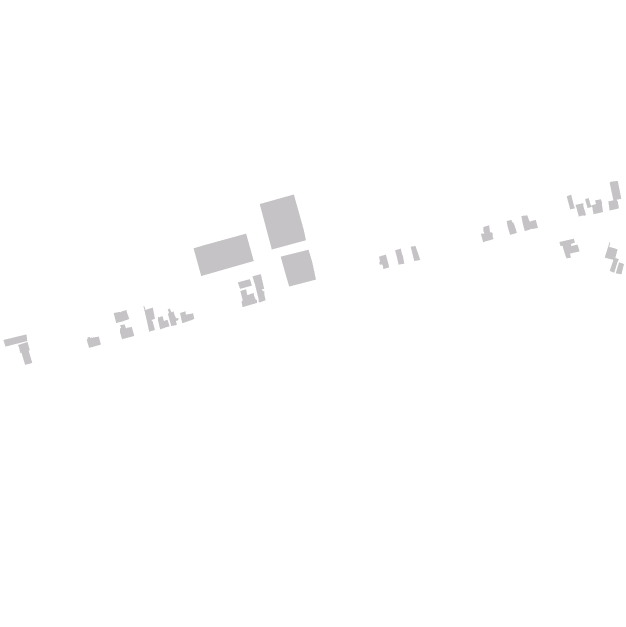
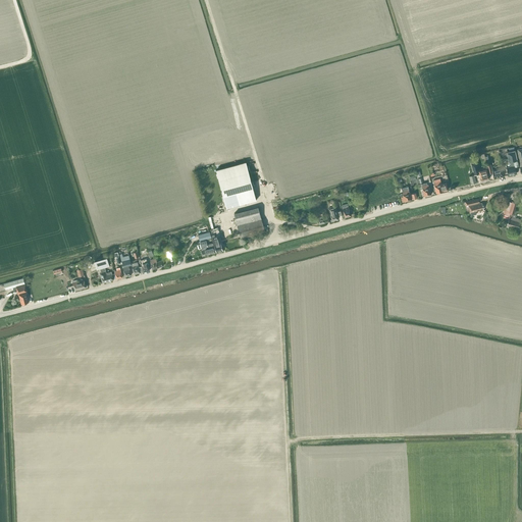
building: [193,233,254,277] -> none

